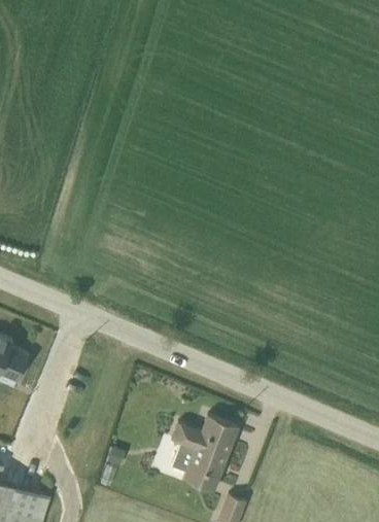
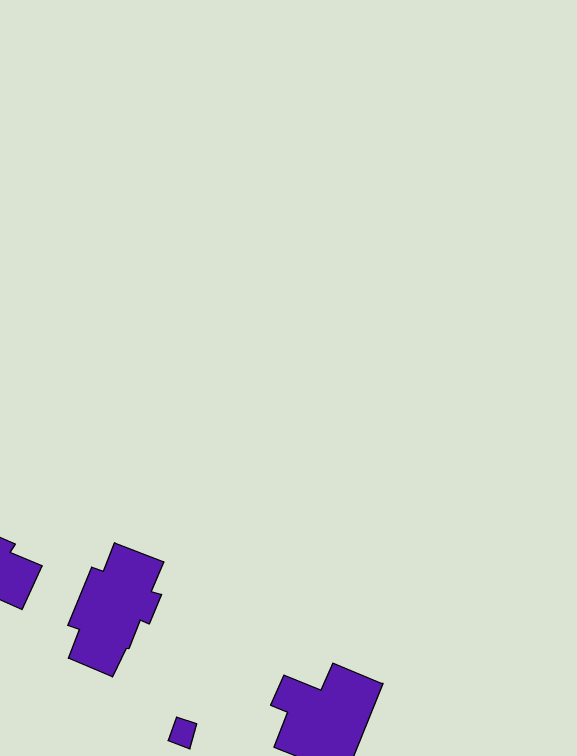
building: none -> [68,543,164,677]

